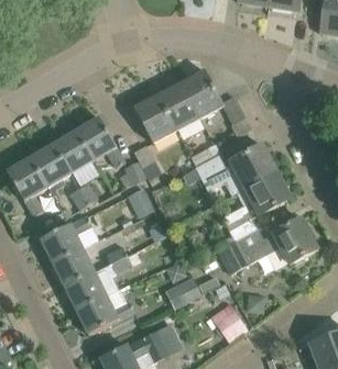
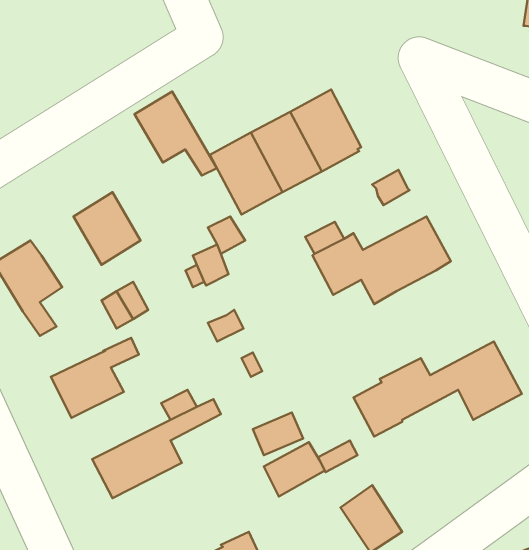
building: [77,116,126,166] -> [135,92,217,176]
building: [29,144,70,186] -> none
building: [221,170,292,239] -> none
building: [53,247,96,287] -> none
building: [77,289,135,334] -> none

